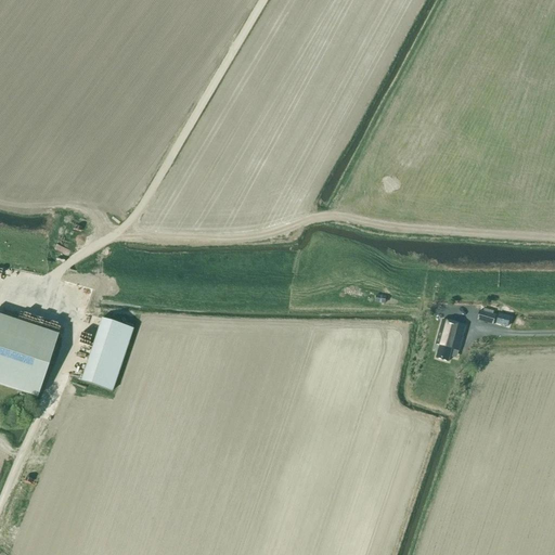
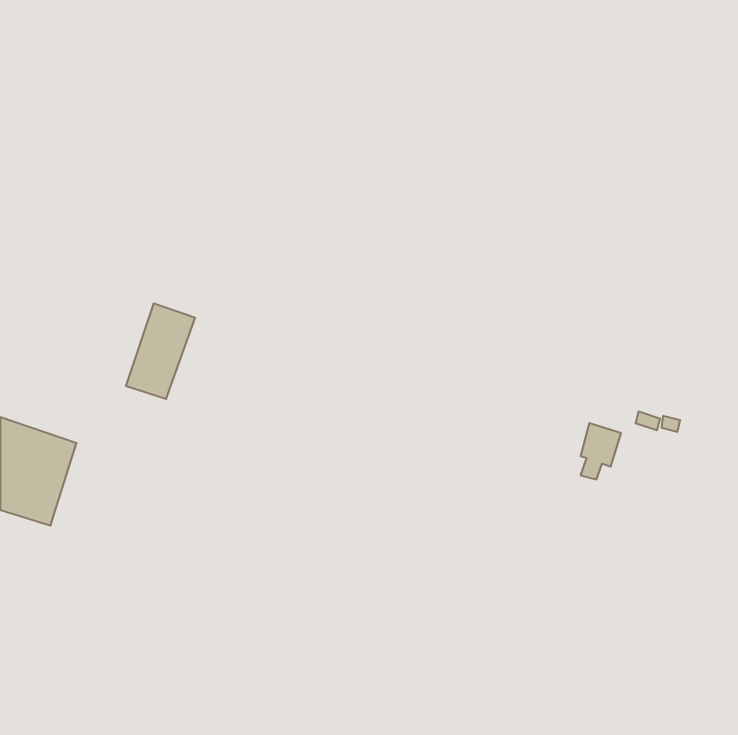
building: [80,318,132,389] -> [126,304,195,399]

